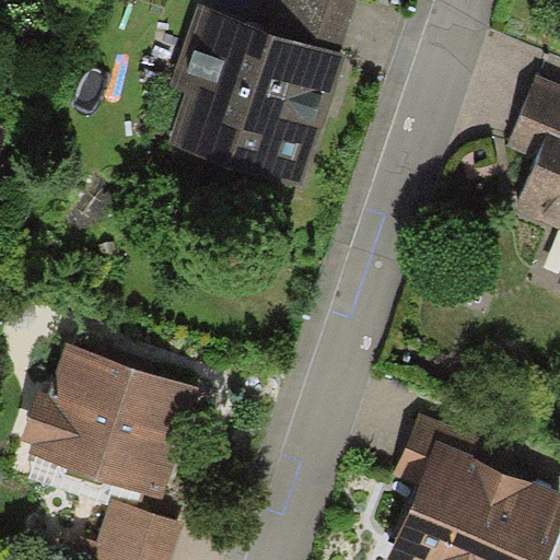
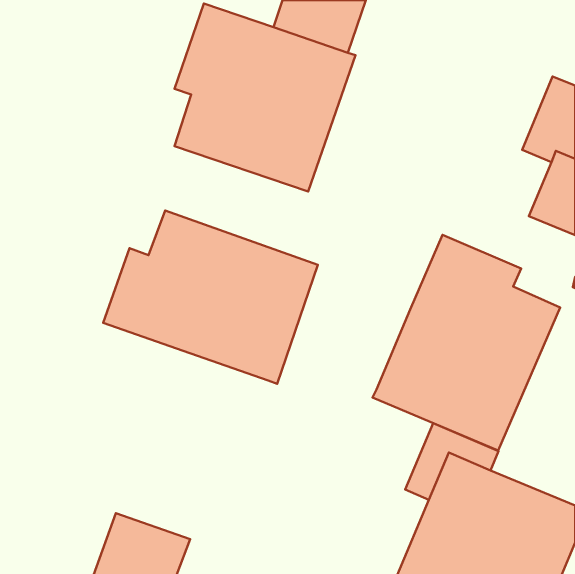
building: none -> [103,211,318,384]
building: none -> [372,235,560,451]
building: [22,343,201,501] -> none

